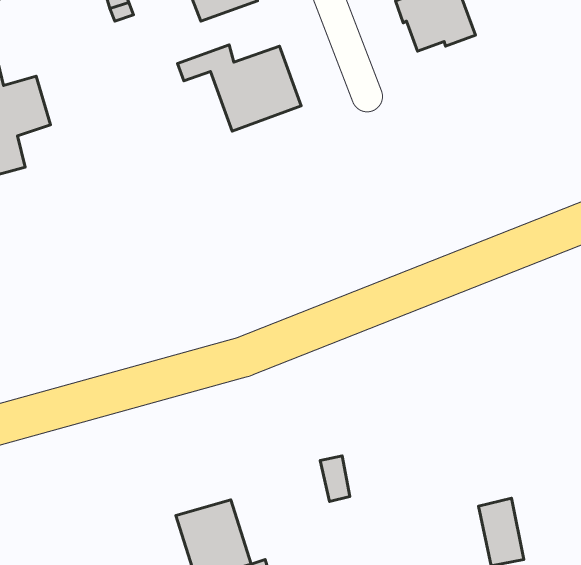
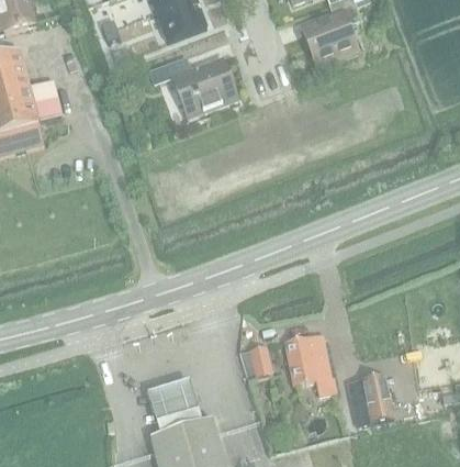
building: none -> [283,333,335,394]

